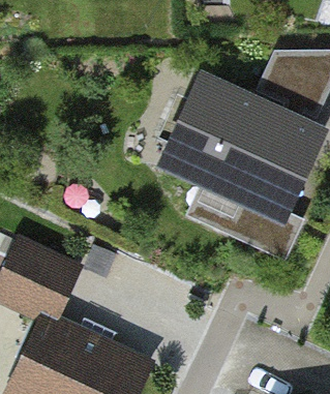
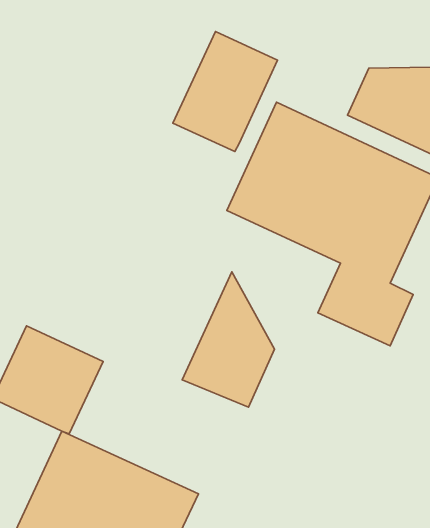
building: none -> [173,32,277,152]
building: none -> [182,272,275,407]

